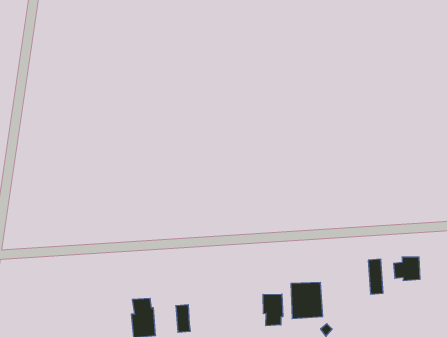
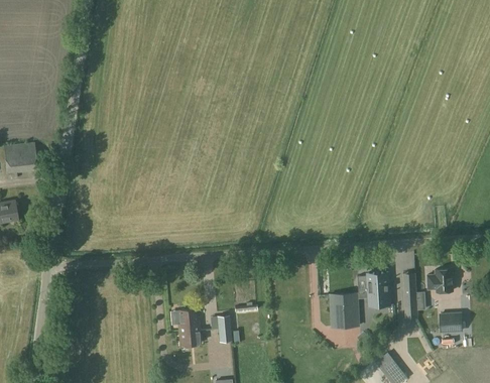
building: none -> [366,273,390,306]
building: [263,294,283,326] -> none
building: none -> [439,313,462,332]

